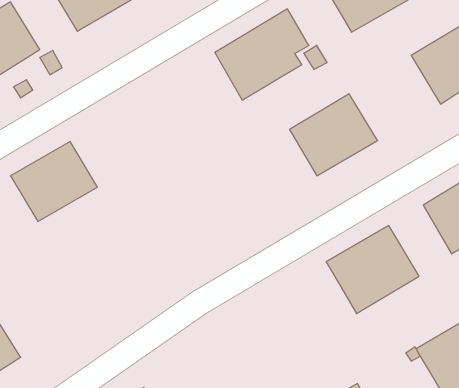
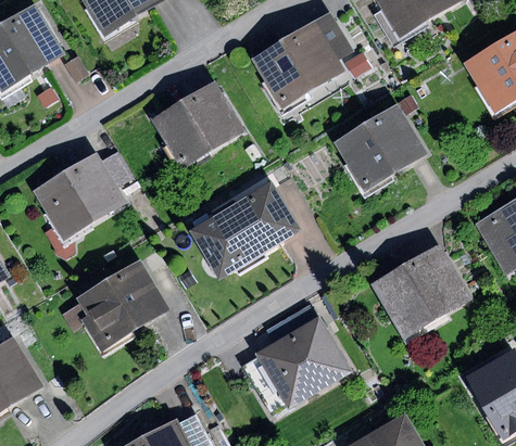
building: none -> [152,81,244,169]
building: none -> [189,181,302,281]
building: none -> [62,259,169,351]
building: none -> [254,316,352,408]

